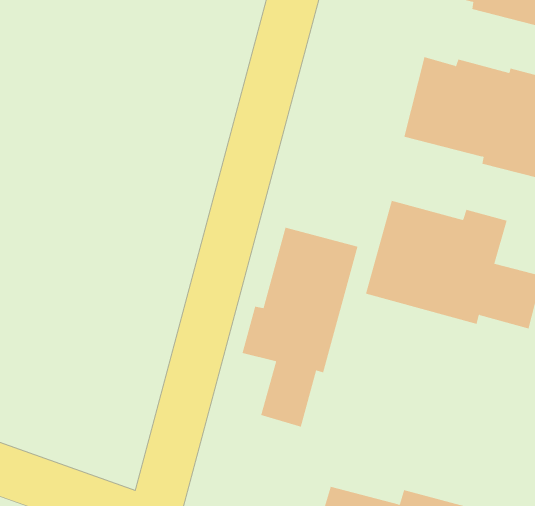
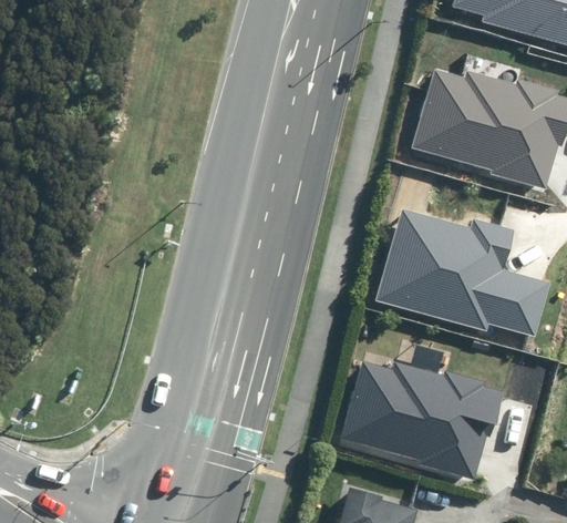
building: [242,227,358,428] -> none
building: none -> [340,361,502,480]

